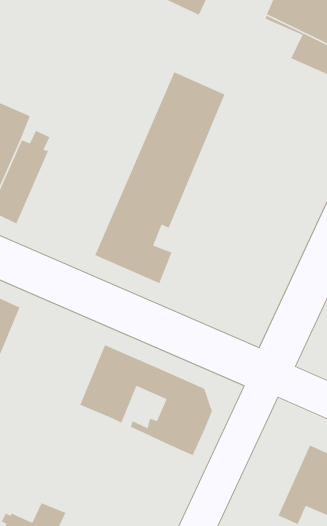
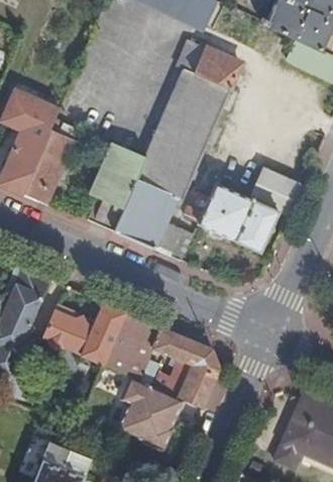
building: none -> [177,40,240,90]
building: none -> [90,141,146,233]
building: none -> [185,169,303,251]
building: none -> [41,300,123,363]
building: none -> [119,375,180,446]

